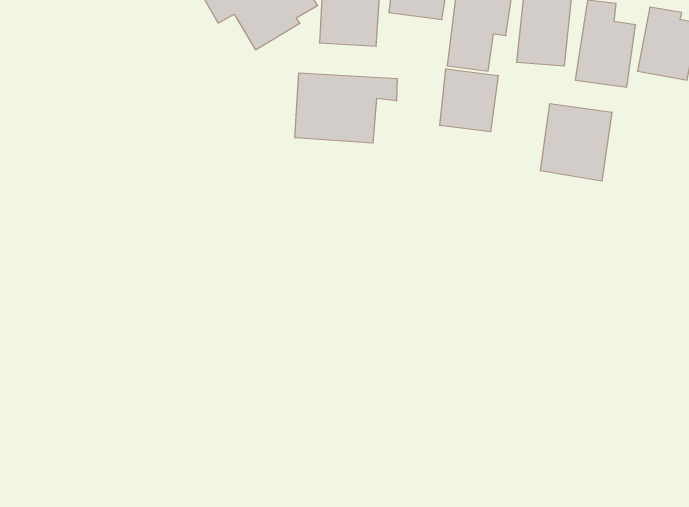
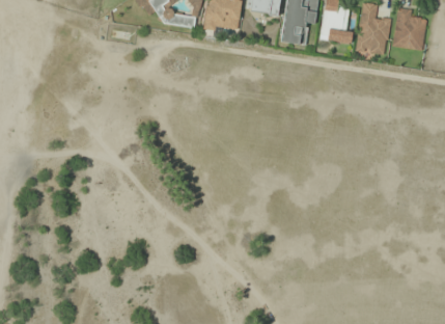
building: [440,69,498,132] -> none
building: [295,73,397,143] -> none
building: [541,104,612,181] -> none

